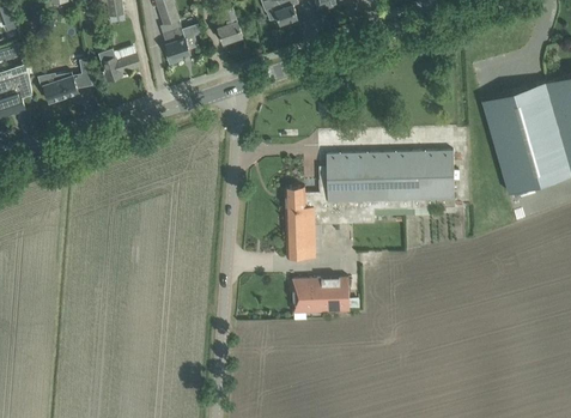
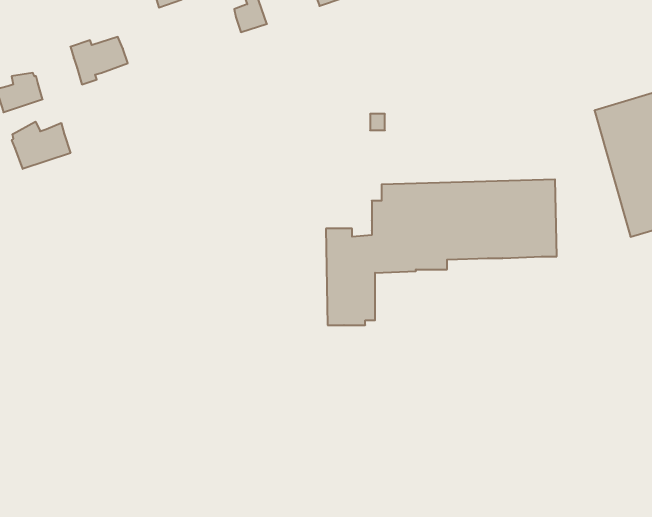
building: [162,28,196,65] -> none
building: none -> [12,122,70,169]
building: [292,278,348,313] -> none

